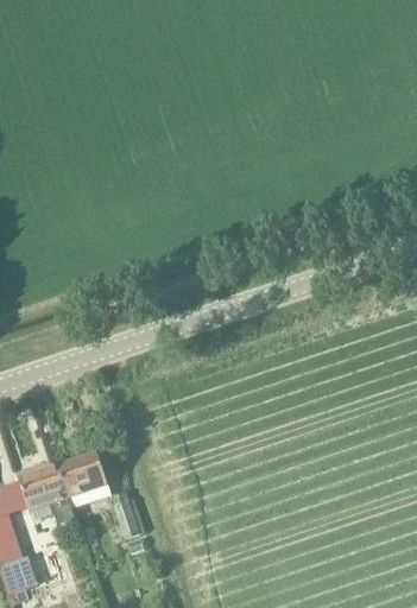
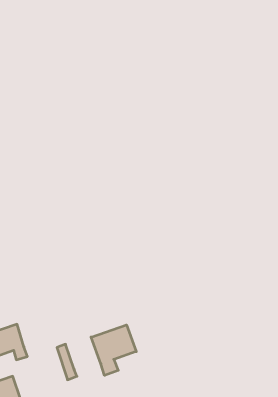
building: [55,457,105,501] -> none
building: none -> [91,325,136,375]

